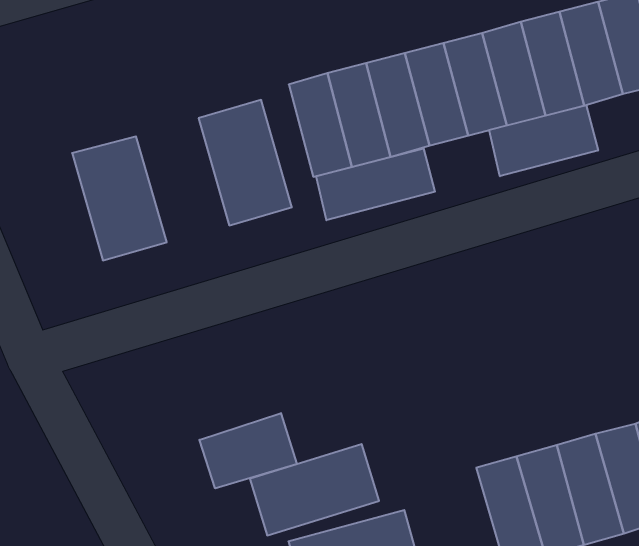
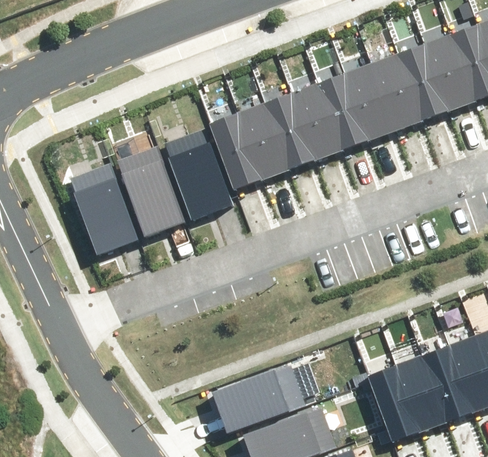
building: [489,105,598,176] -> none
building: none -> [117,149,186,236]
building: [316,149,435,220] -> none
building: [199,413,297,488] -> none

